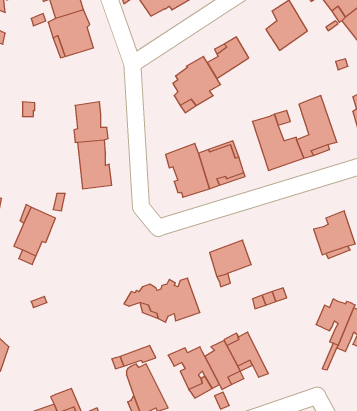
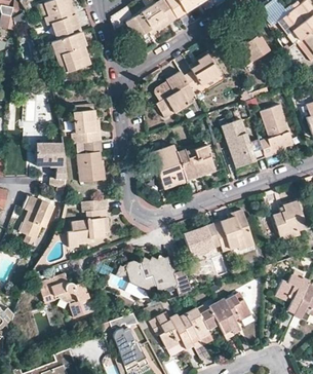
building: none -> [37,142,67,178]
building: none -> [68,199,108,248]
building: none -> [213,211,256,253]
building: none -> [39,275,94,320]
building: none -> [218,296,252,335]

